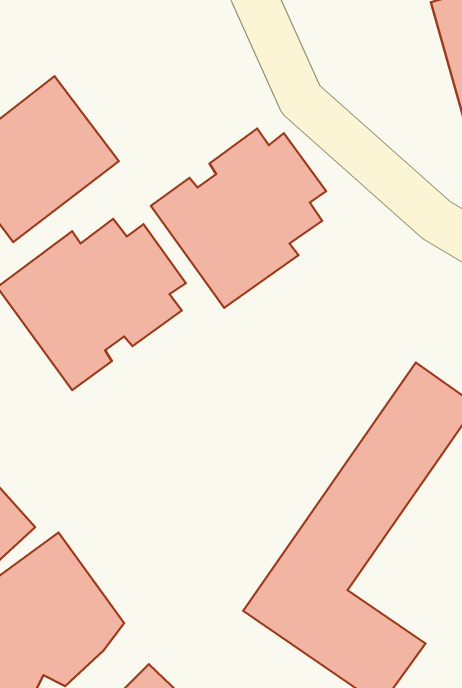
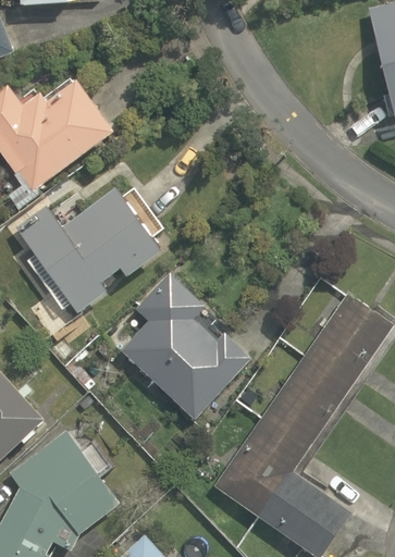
building: [151,129,326,308] -> none
building: none -> [113,264,257,425]

